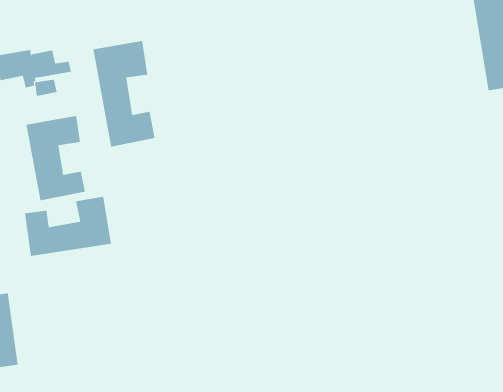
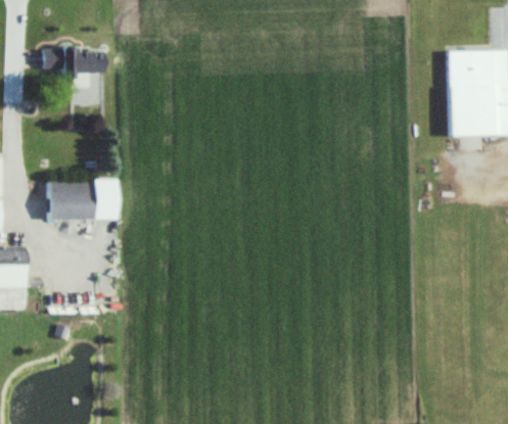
building: [93,40,155,147] -> none
building: [26,115,86,201] -> none

